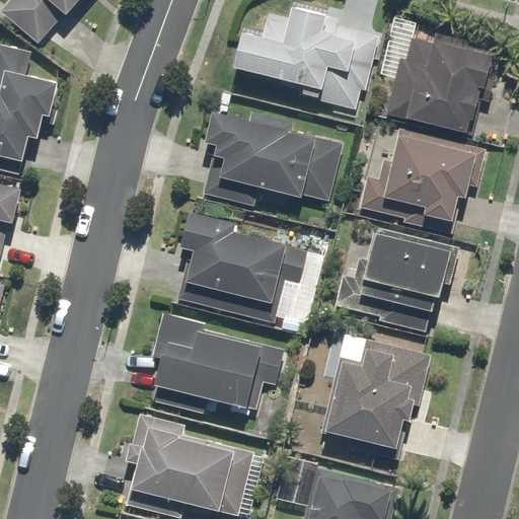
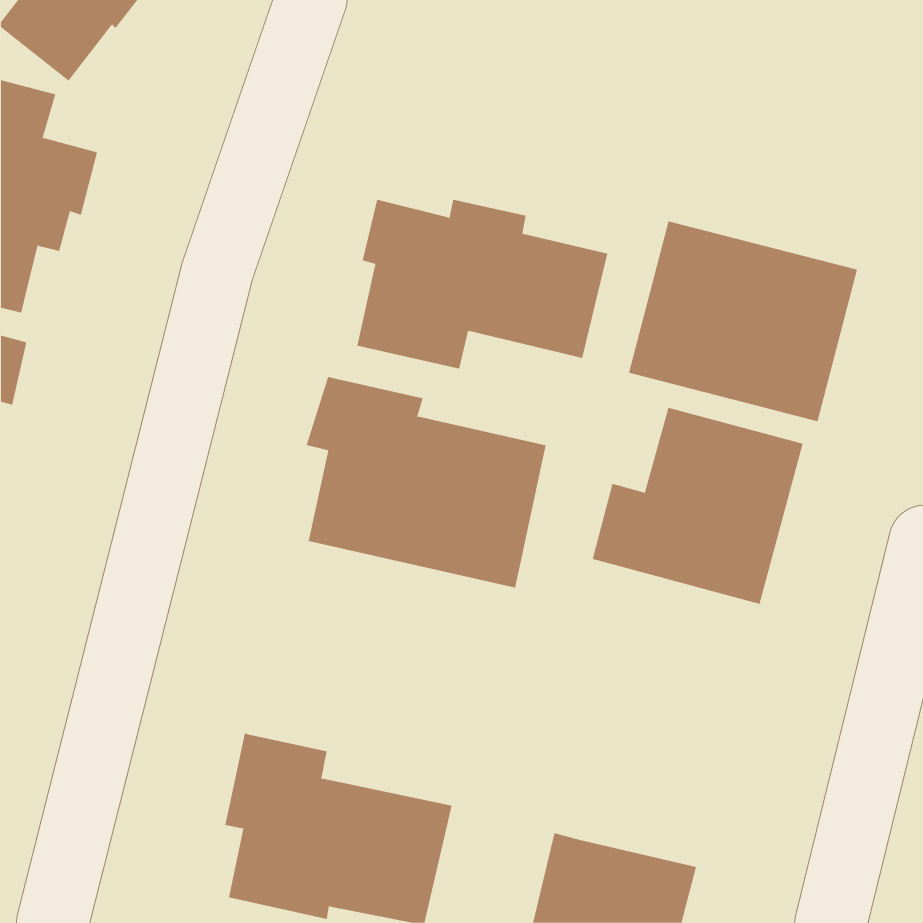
building: [226,7,384,112] -> none
building: [388,33,490,137] -> none
building: [145,310,286,419] -> none
building: [319,332,430,458] -> none

